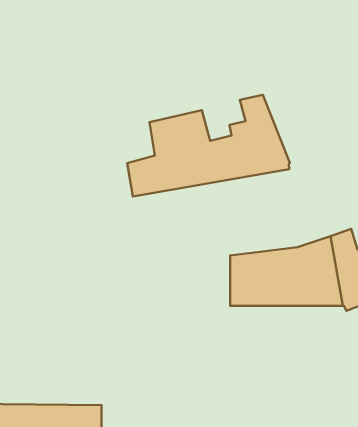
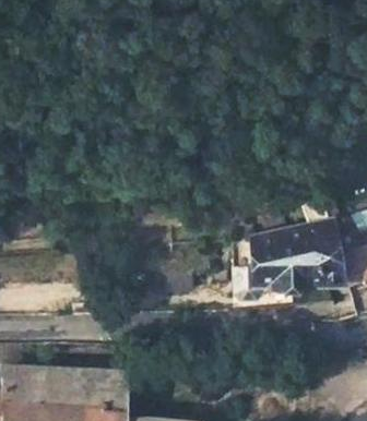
building: [127,95,290,197] -> none

